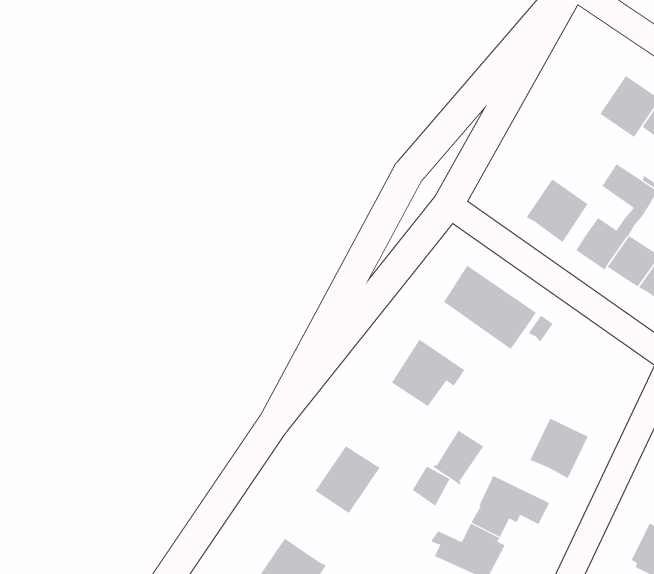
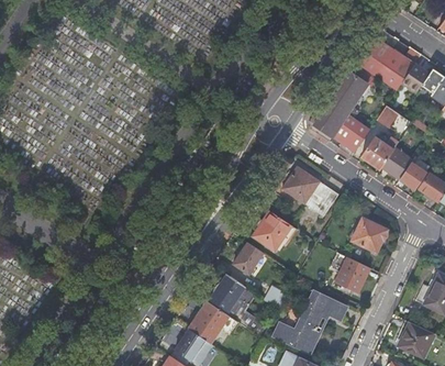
building: none -> [352,36,392,76]
building: none -> [310,68,369,137]
building: none -> [352,218,387,253]
building: [432,430,484,485] -> [233,242,264,275]
building: none -> [189,301,237,343]

